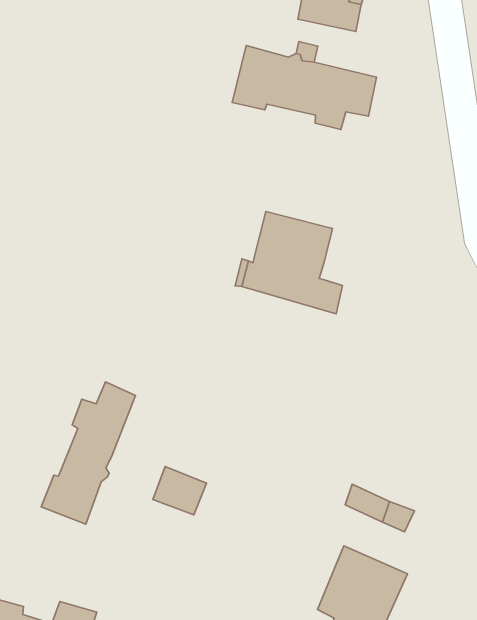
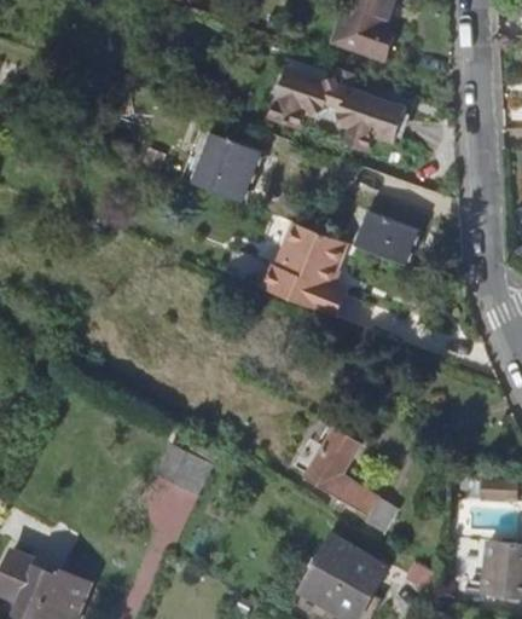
building: none -> [188,133,257,201]
building: none -> [359,212,423,265]
building: [41,382,136,524] -> none
building: none -> [304,429,358,496]

